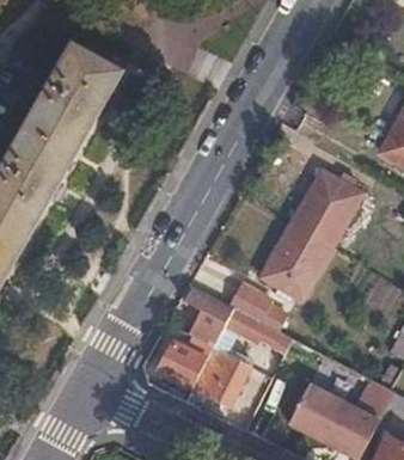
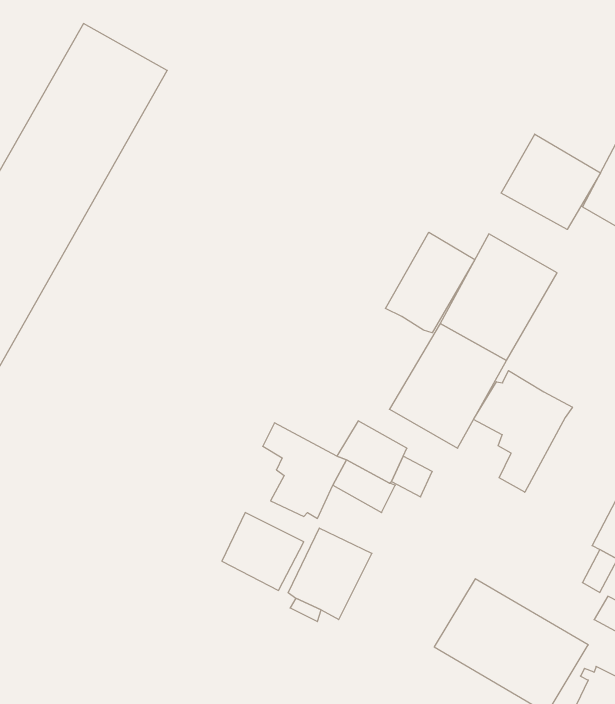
building: none -> [501,134,600,229]
building: none -> [385,232,475,333]
building: none -> [474,371,572,492]

